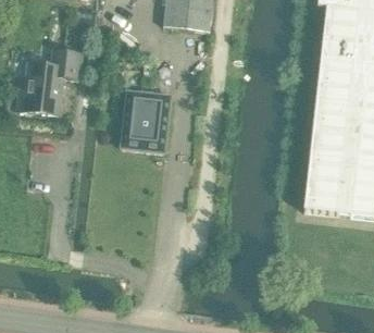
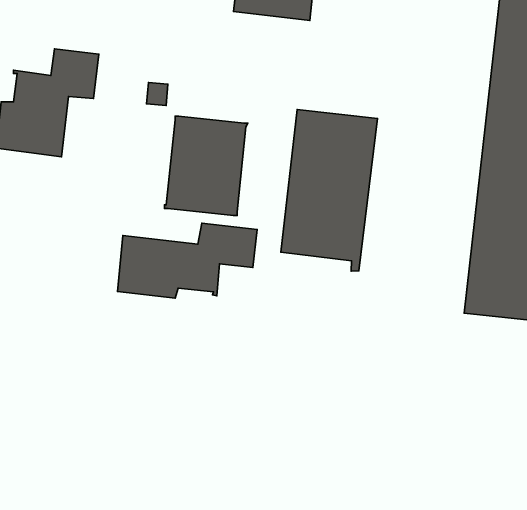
building: none -> [281,110,378,271]
building: none -> [118,223,257,298]

